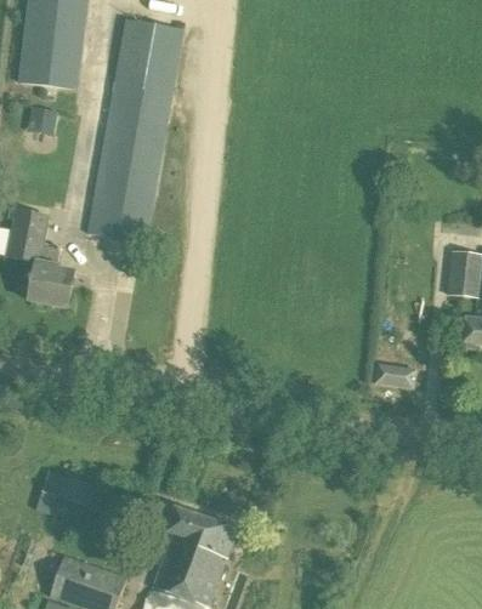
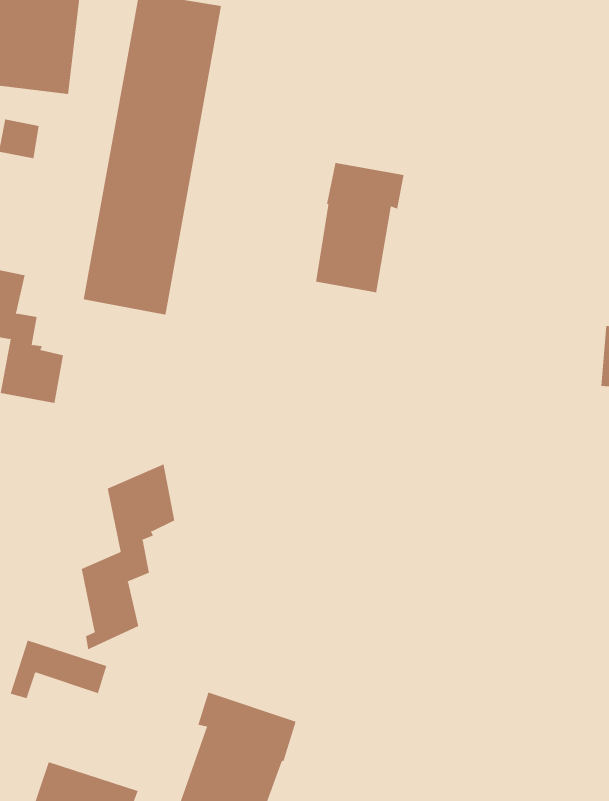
building: none -> [316,162,404,293]
building: none -> [81,463,175,650]
building: [374,362,416,388] -> none

